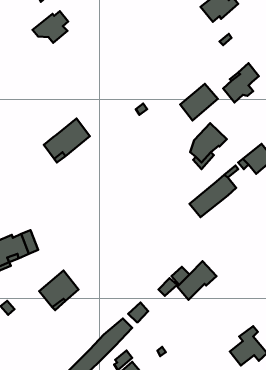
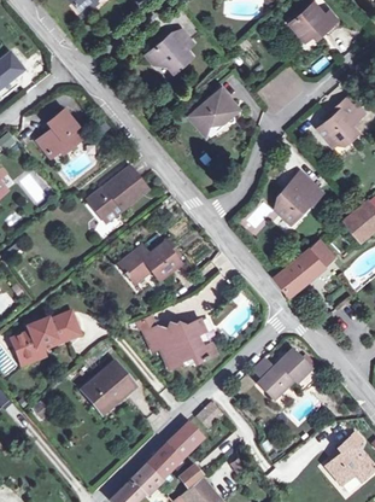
building: [33,11,68,43] -> [147,31,193,72]
building: none -> [37,111,82,158]
building: [180,84,218,121] -> [191,89,239,136]
building: none -> [119,243,180,285]
building: none -> [143,320,215,366]

